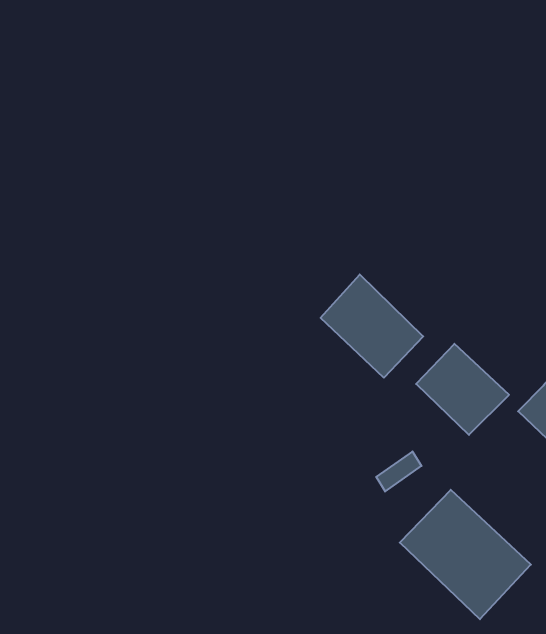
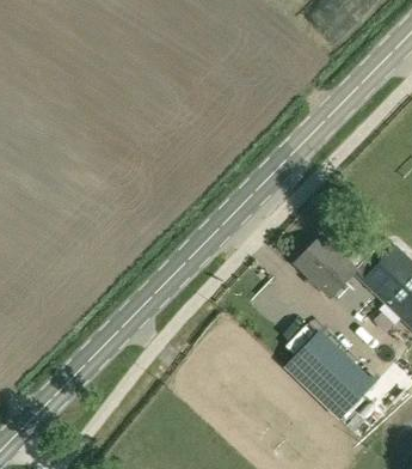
building: [321,274,423,378] -> none

